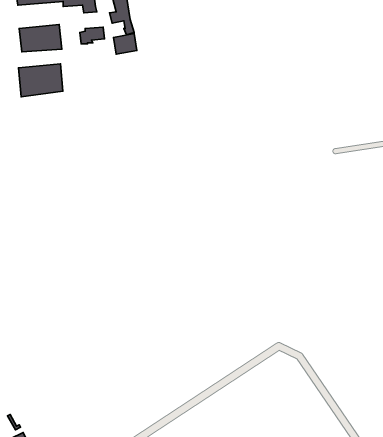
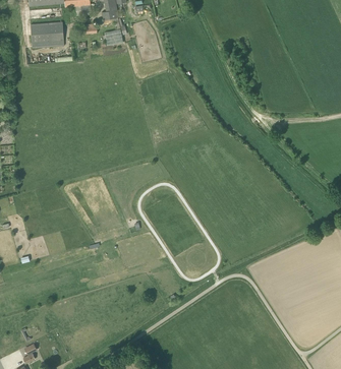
building: [19,64,63,97] -> none

